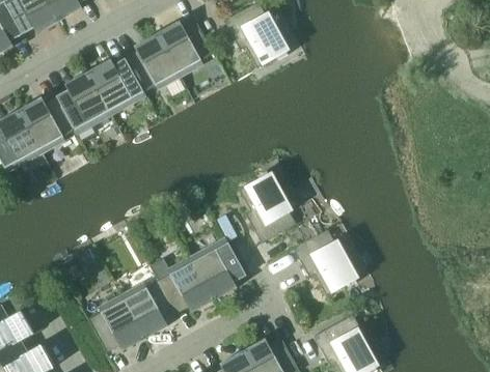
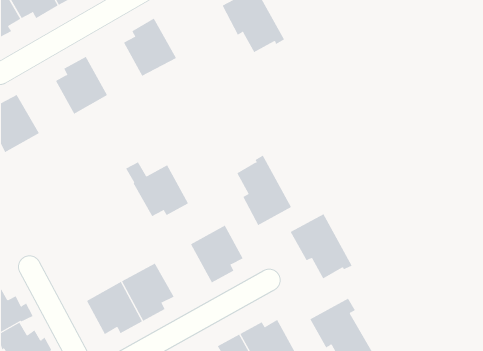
building: [158,18,215,71] -> none
building: [89,56,145,109] -> none
building: [20,94,77,147] -> none
building: [152,256,216,312] -> [125,161,189,217]

